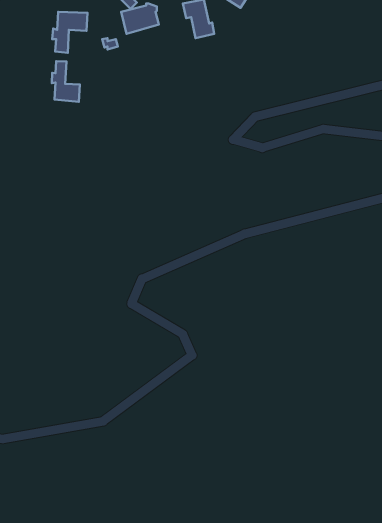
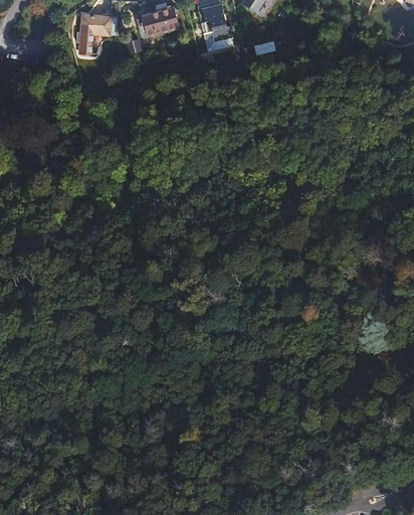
building: [52,61,80,102] -> none

